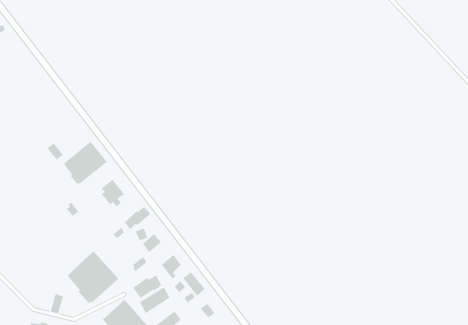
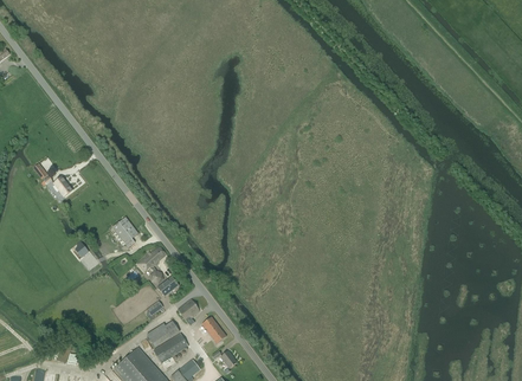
building: [63,141,108,185] -> none
building: [67,250,119,304] -> none

